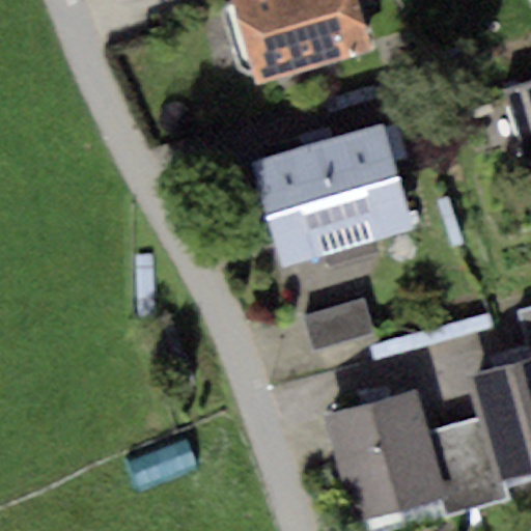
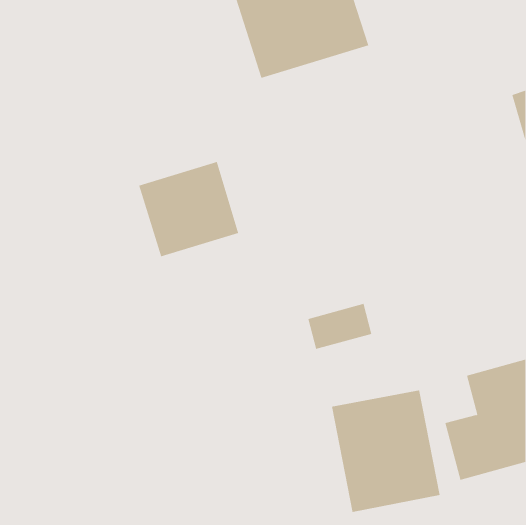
building: [255,124,413,266] -> none
building: none -> [138,161,239,257]

